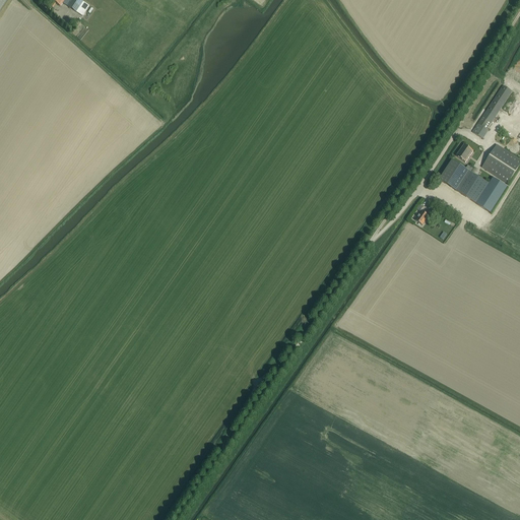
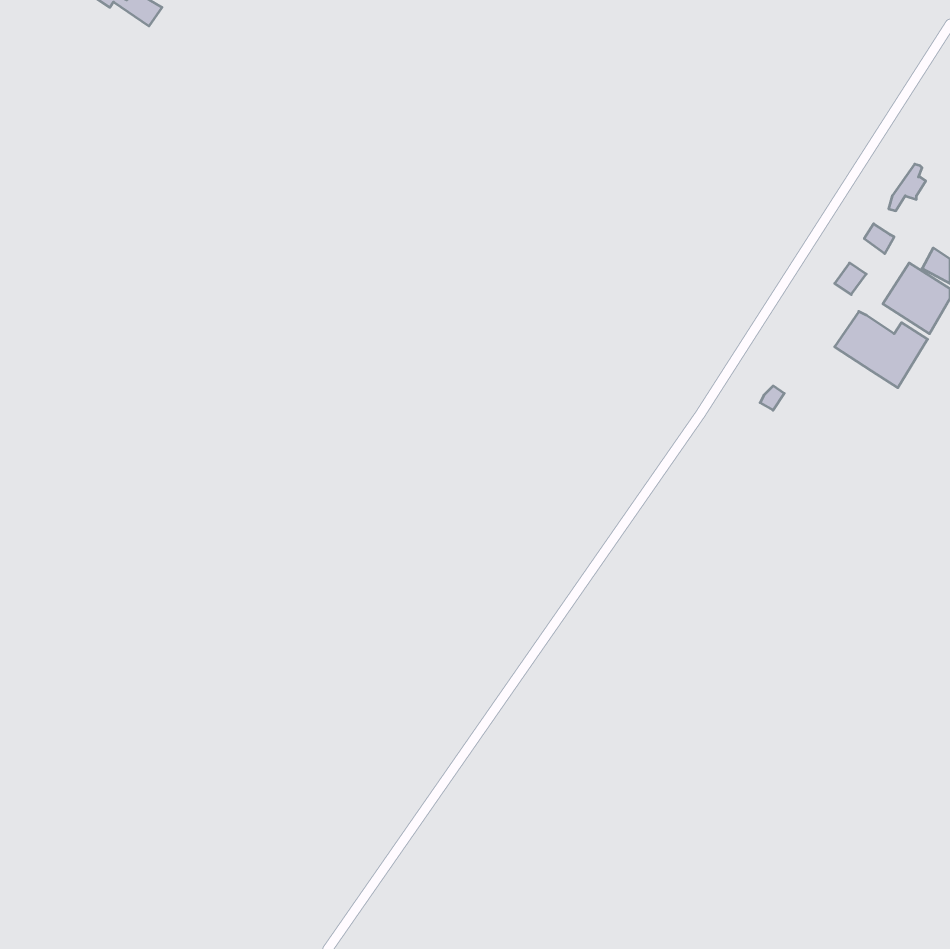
building: [438,158,468,189] -> none

